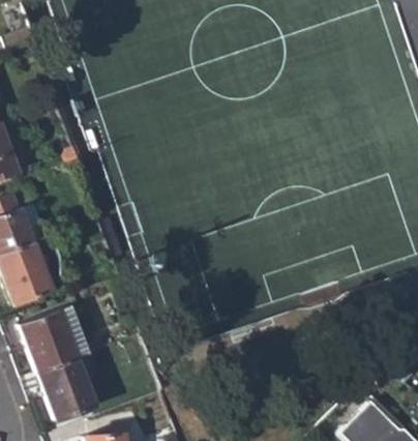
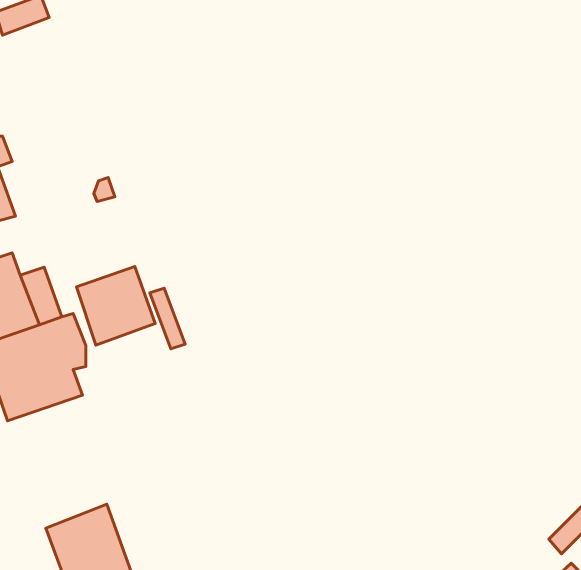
building: none -> [76,266,155,345]
building: [19,308,86,374] -> none

